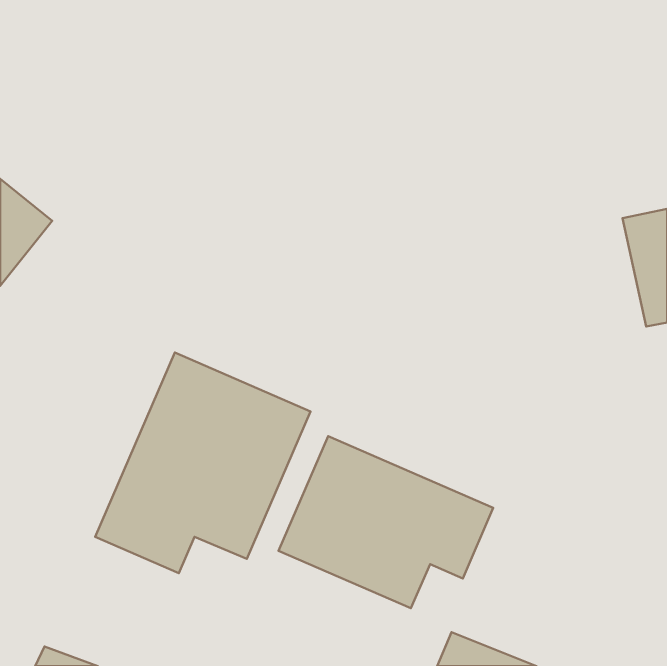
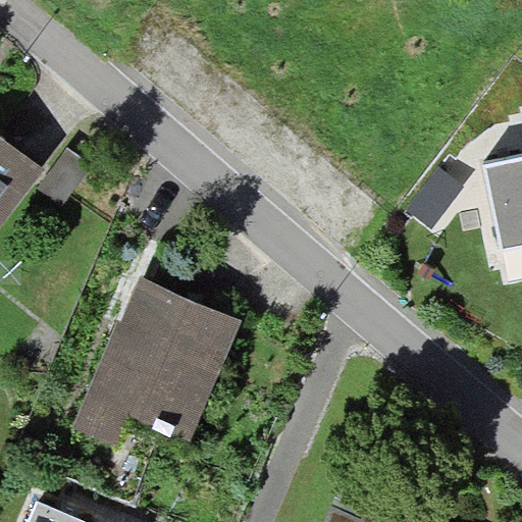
building: [278,436,493,608] -> none

